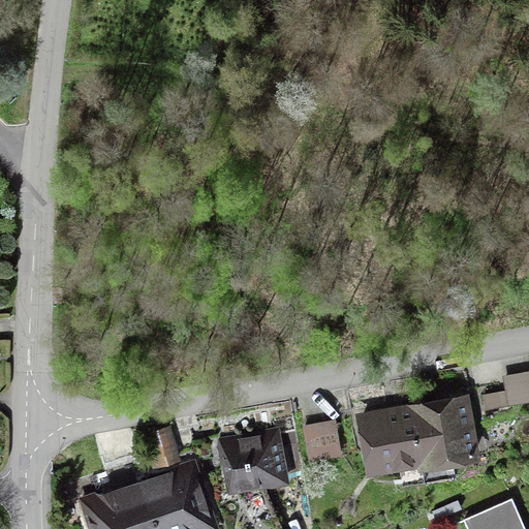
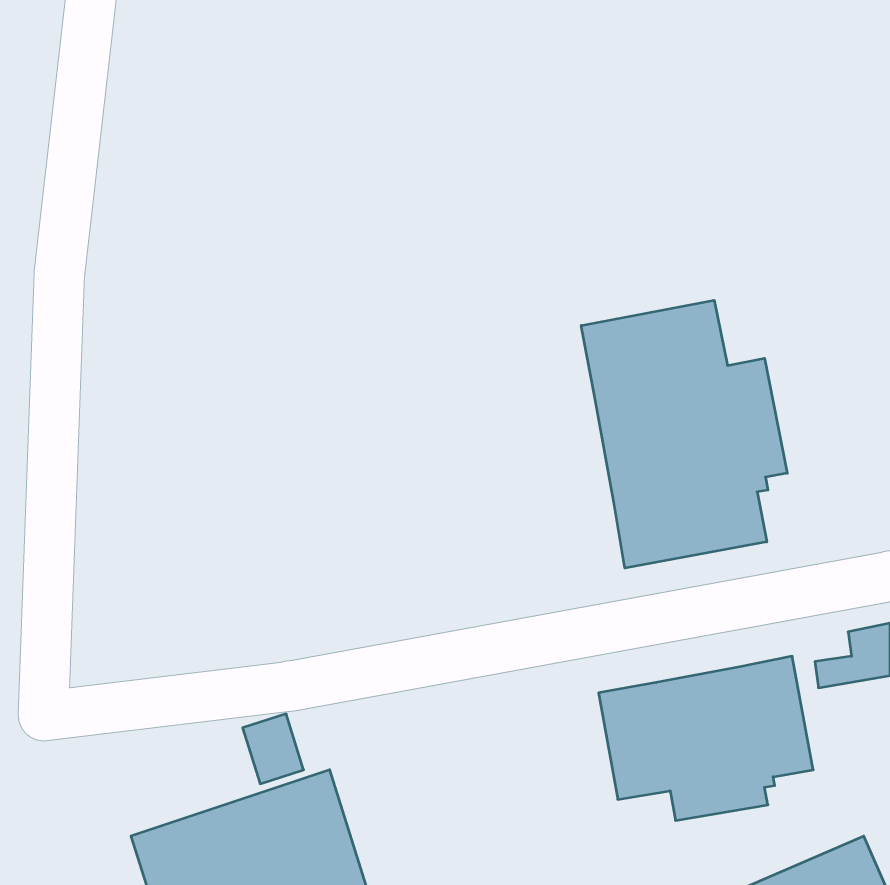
building: none -> [581,300,787,568]
building: [302,422,341,464] -> none
building: [215,429,301,496] -> none

